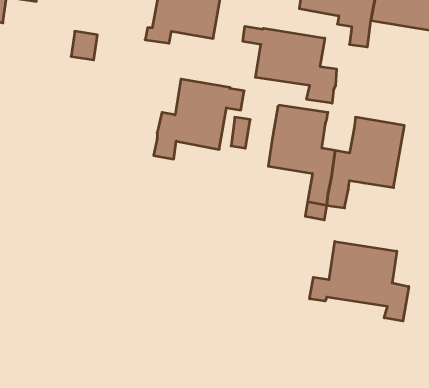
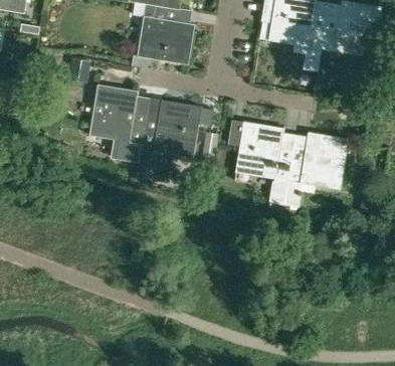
building: [243,26,336,103] -> none
building: none -> [88,83,146,163]
building: [310,241,409,321] -> none

